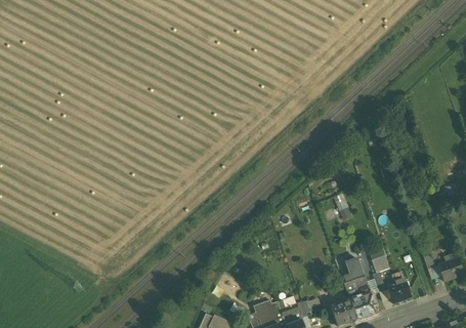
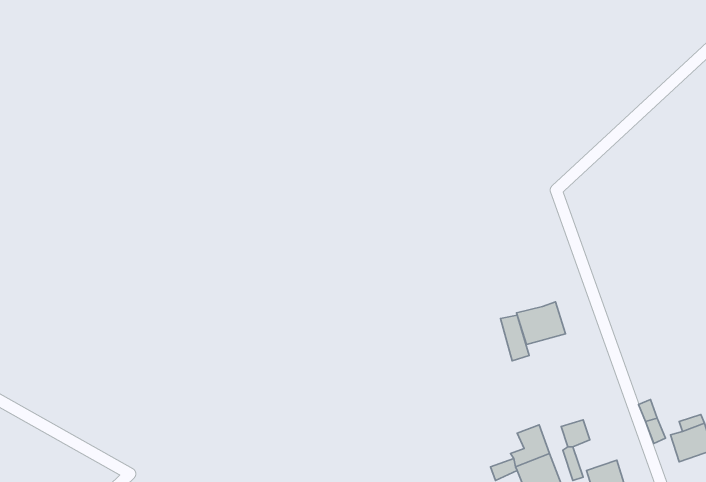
building: none -> [517,302,565,345]

